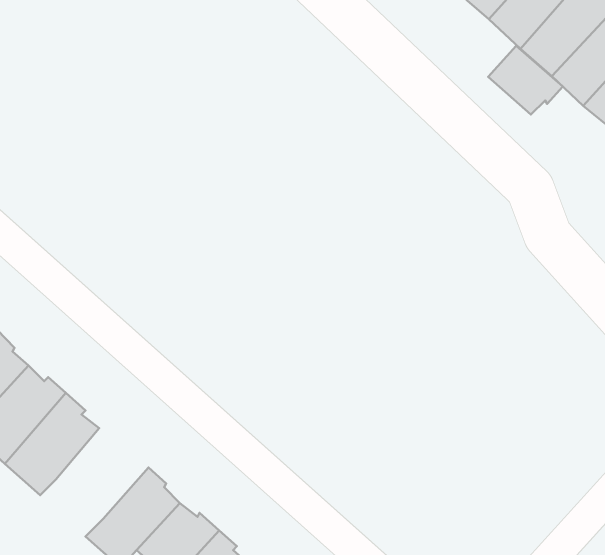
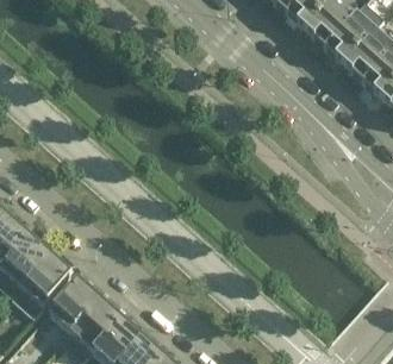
building: [488,46,563,114] -> none
building: none -> [49,284,99,332]

